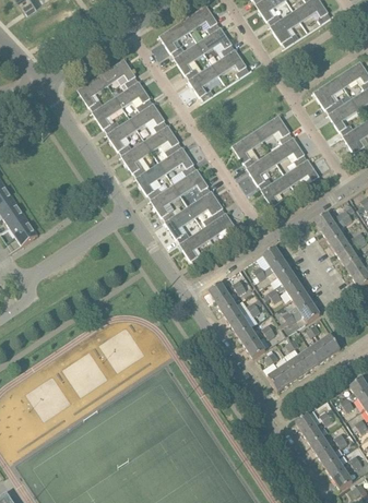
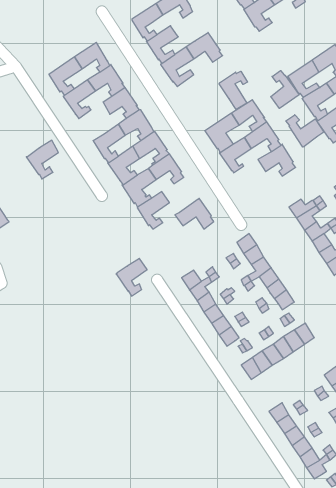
building: [198,26,234,57] -> none
building: none -> [271,71,299,108]
building: none -> [219,71,248,110]
building: [106,117,138,155] -> [26,140,58,179]
building: none -> [286,115,324,147]
building: [260,171,292,212] -> none
building: [189,190,225,226] -> none
building: [179,228,210,265] -> [116,258,147,296]

